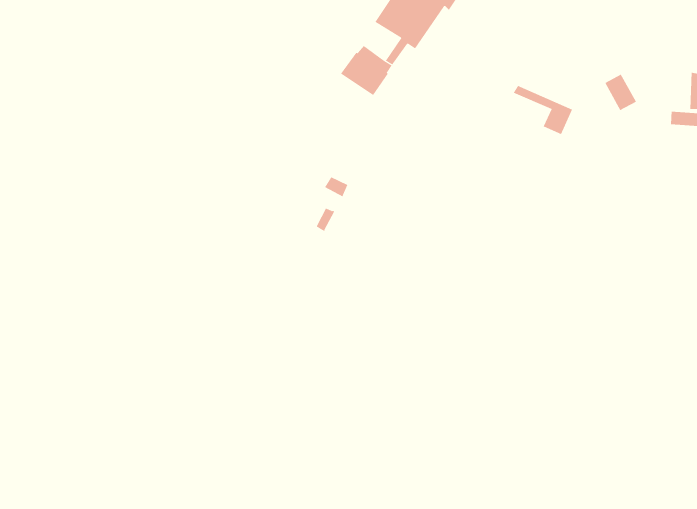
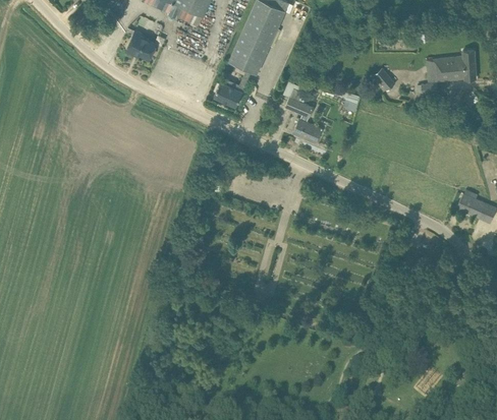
building: none -> [285,87,322,141]

